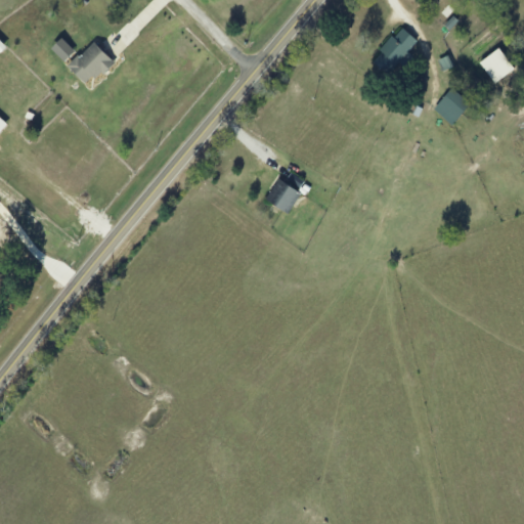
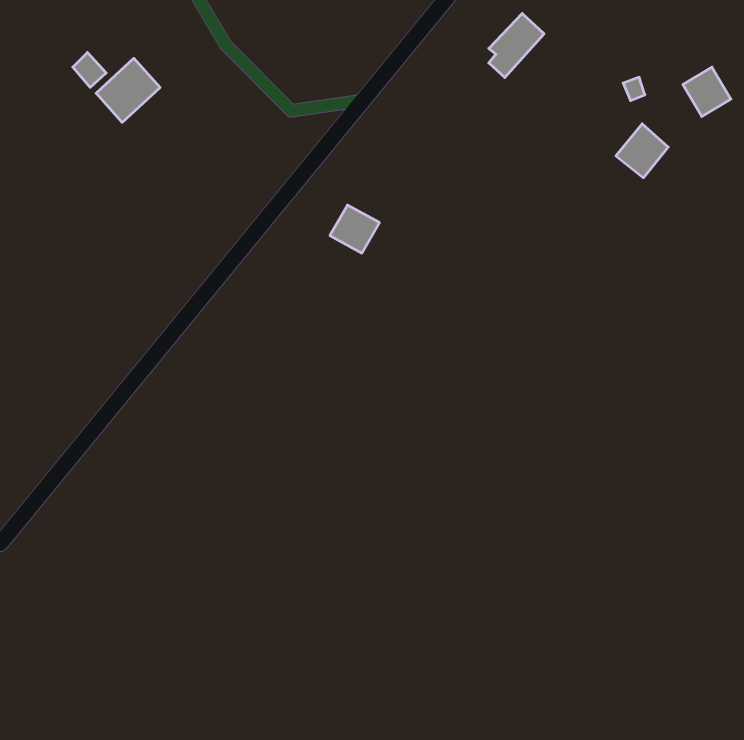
building: [379,26,418,71] -> [489,13,544,78]
building: [266,179,301,213] -> [330,205,379,253]

